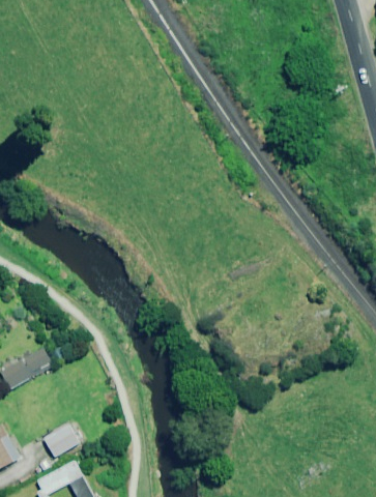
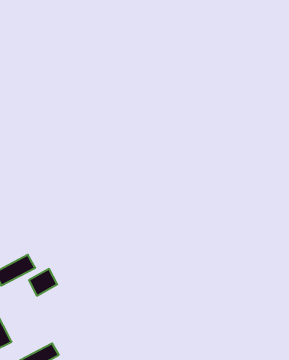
building: [42,422,79,457] -> [29,269,57,296]

